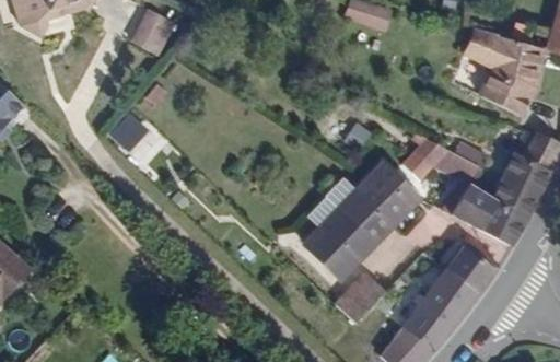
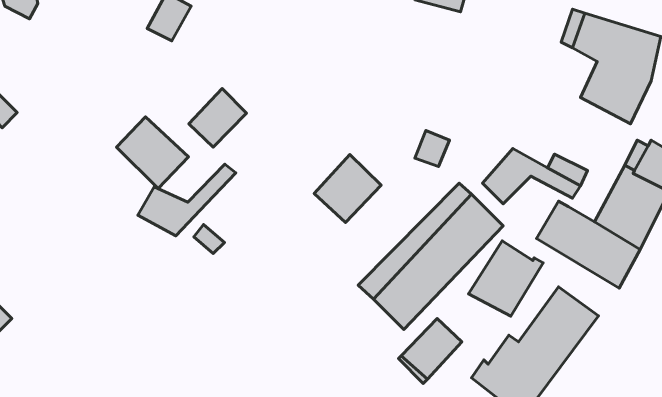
building: none -> [189,89,247,147]
building: none -> [314,154,381,223]
building: none -> [138,164,236,236]
building: none -> [468,241,543,316]

